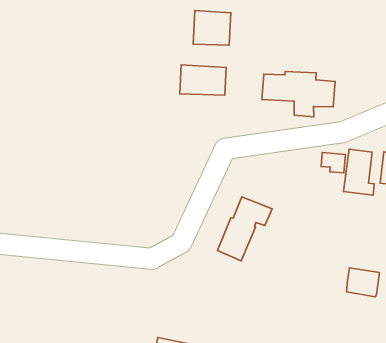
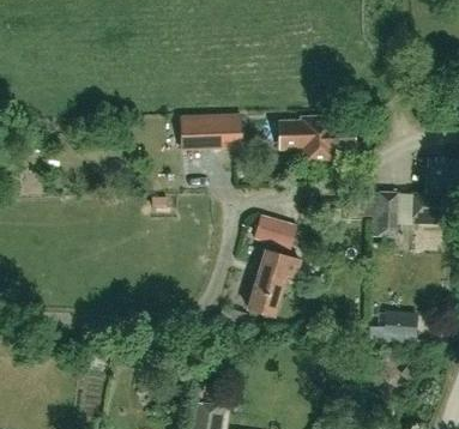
building: [193,11,231,45] -> none
building: none -> [252,213,297,249]

